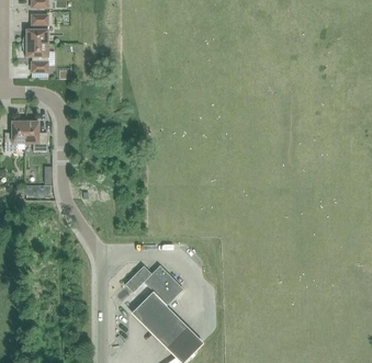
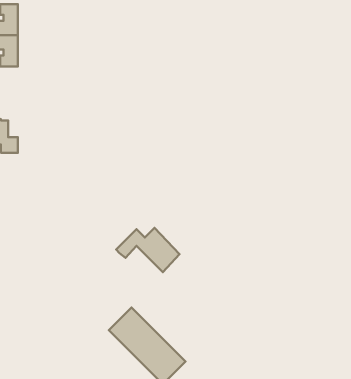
building: [124,264,182,305] -> [116,228,180,272]

